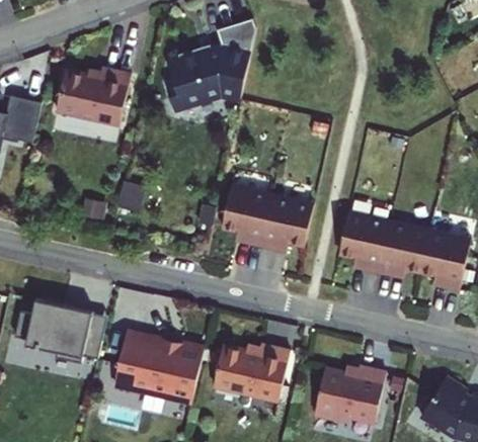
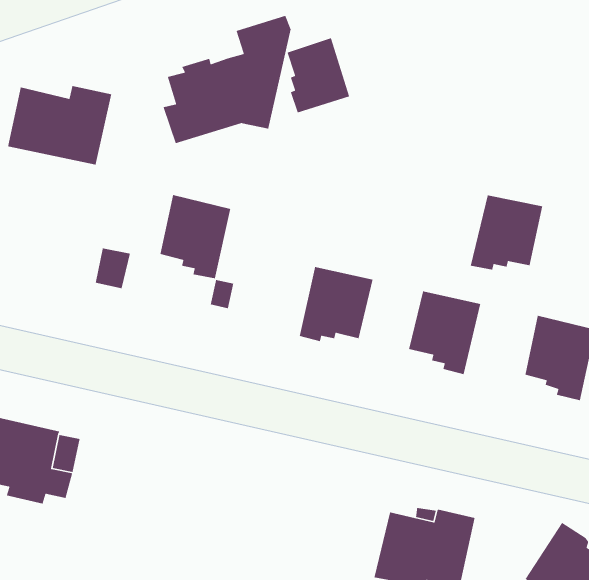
building: none -> [286,37,350,114]
building: [221,185,271,245] -> [159,194,231,279]
building: [377,222,428,275] -> [470,194,543,270]
building: [113,332,204,403] -> none
building: [213,344,290,401] -> none

